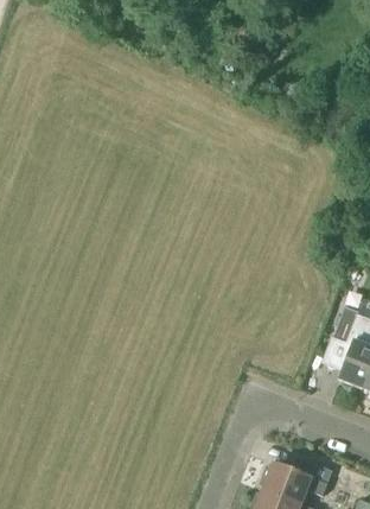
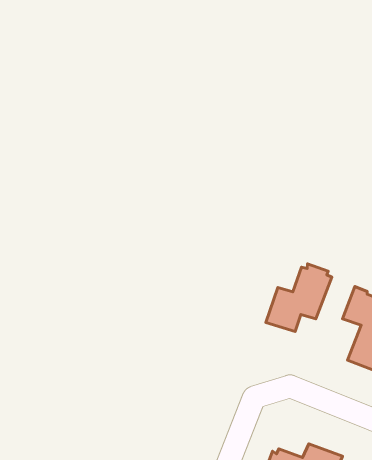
building: none -> [266,264,332,332]

